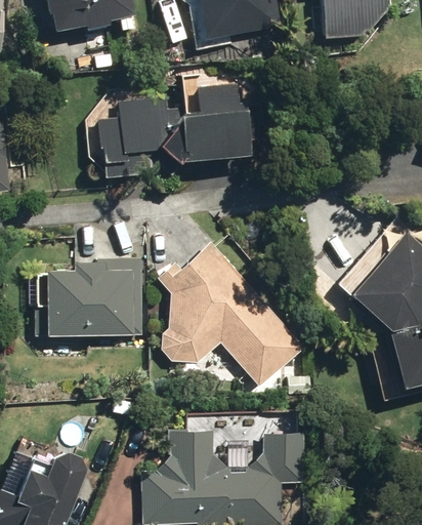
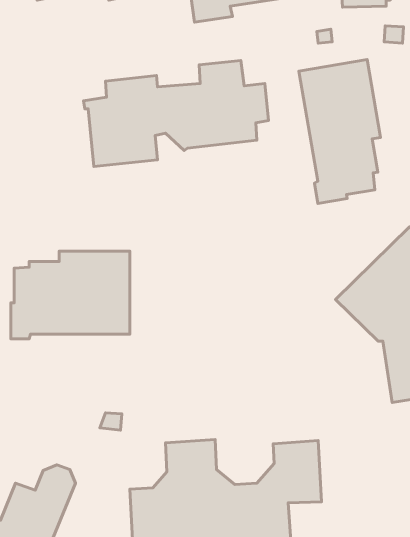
building: none -> [299,59,381,204]
building: [158,237,302,382] -> none

